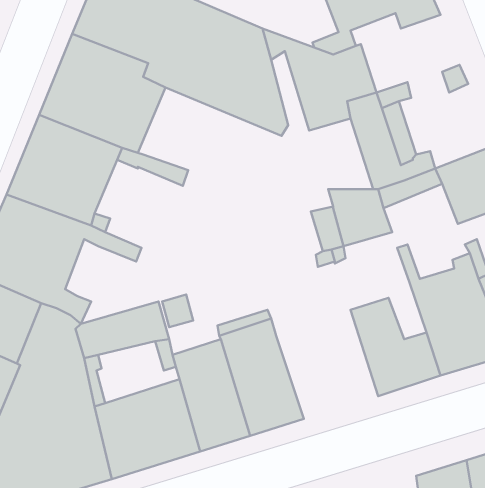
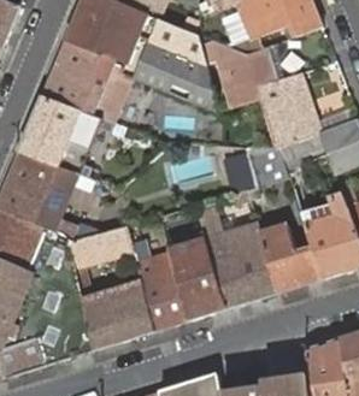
building: none -> [208,224,279,307]

